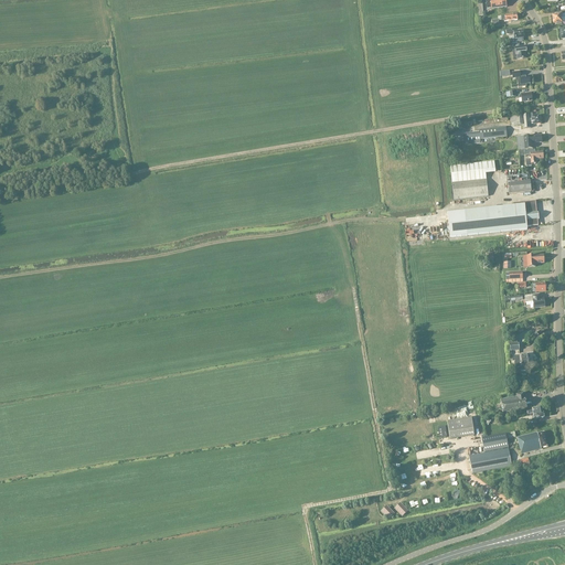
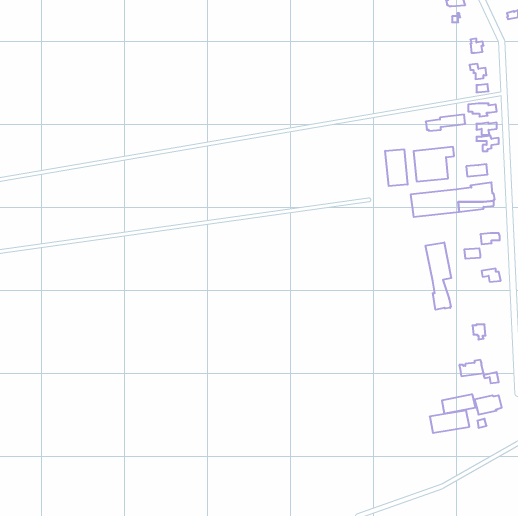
building: none -> [385,149,408,186]
building: none -> [426,242,451,310]
building: [447,416,473,437] -> none

